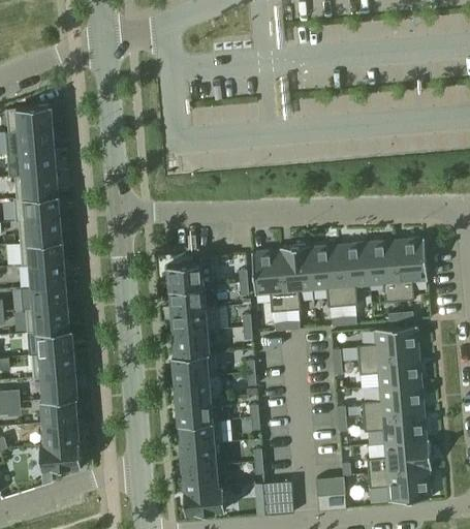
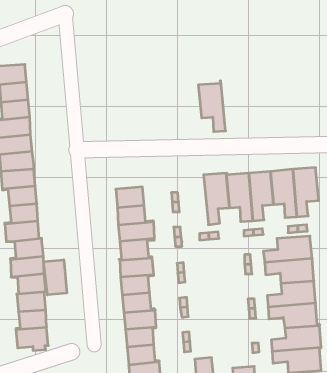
building: [250,247,285,312] -> [198,81,226,132]
building: none -> [44,260,67,295]

